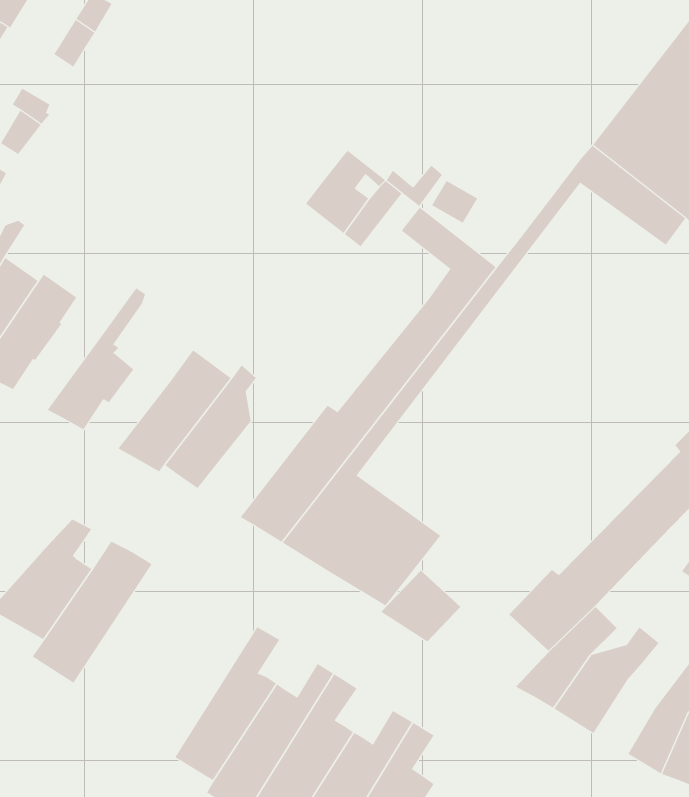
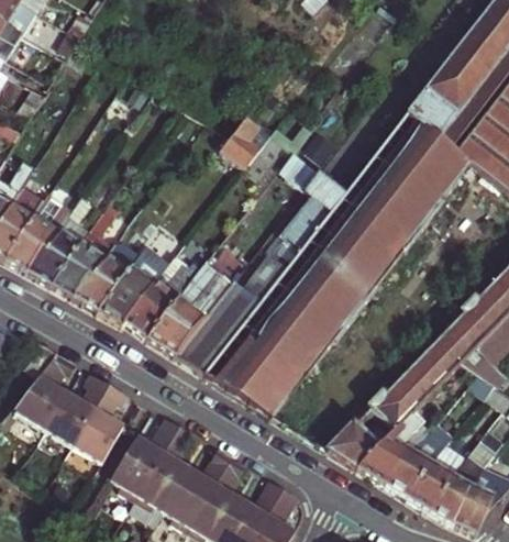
building: none -> [253,135,455,366]
building: none -> [27,198,88,284]
building: none -> [74,257,130,309]
building: none -> [148,261,233,354]
building: none -> [67,385,134,475]
building: [380,570,461,642] -> [325,418,378,465]
building: none -> [111,417,187,502]
building: none -> [408,449,464,509]

